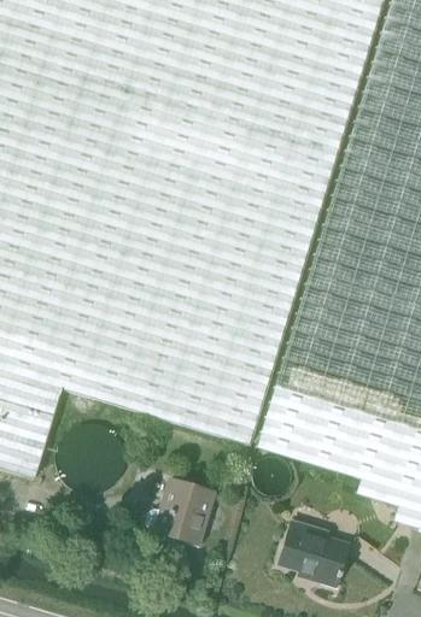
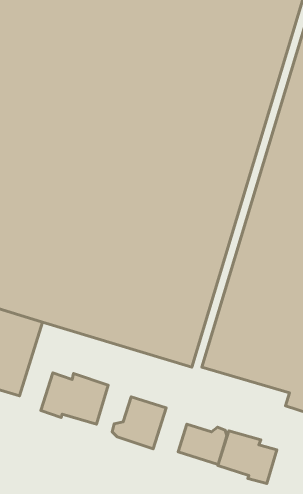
building: none -> [41,373,108,424]
building: none -> [178,424,227,465]

